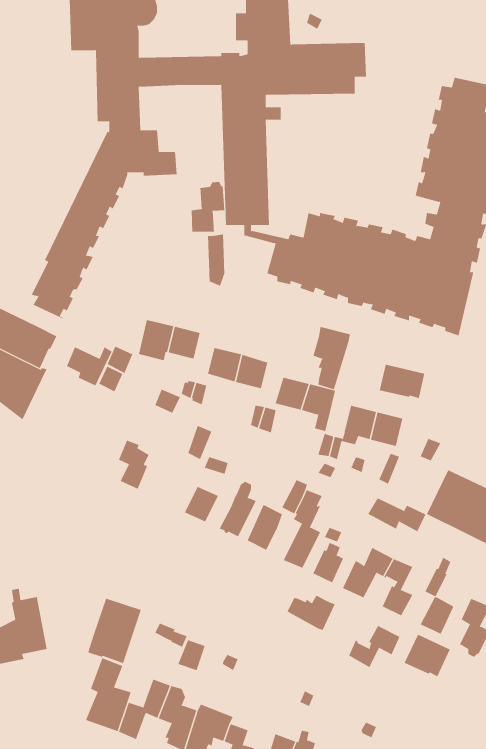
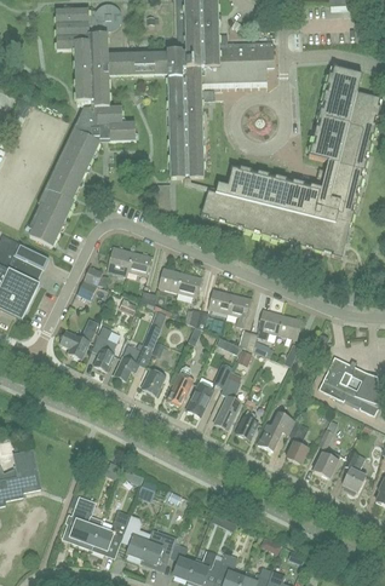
building: [191,181,225,233] -> none
building: [313,326,350,390] -> none
building: [66,347,112,386] -> [59,329,93,358]
building: [379,364,425,399] -> none
building: none -> [114,345,144,380]
building: [368,497,426,532] -> none
building: [287,595,336,631] -> none
building: [87,598,142,664] -> none
building: [348,625,400,668] -> none
building: [404,634,450,677] -> none

